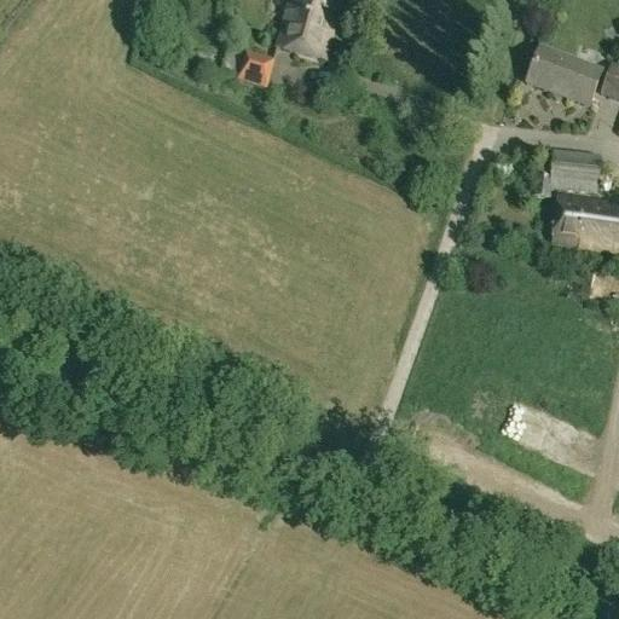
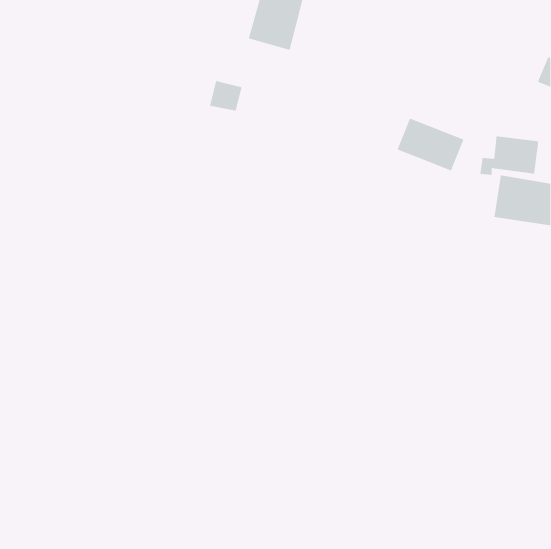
building: [527,45,603,105] -> [396,117,465,171]
building: [237,52,274,87] -> [209,80,243,112]

